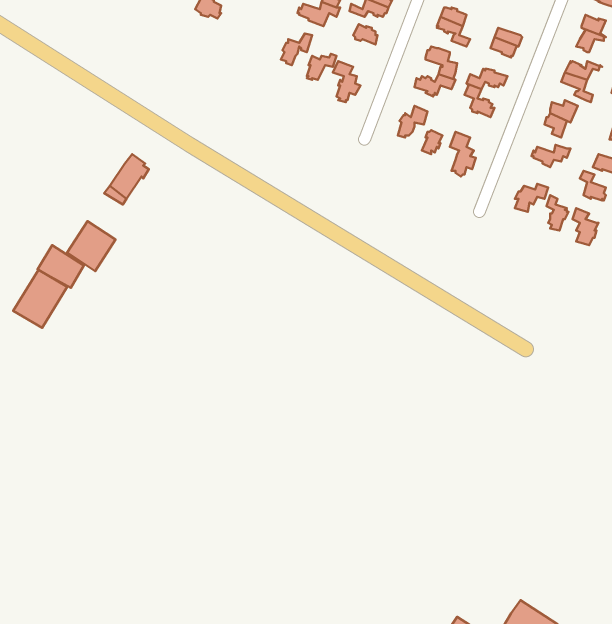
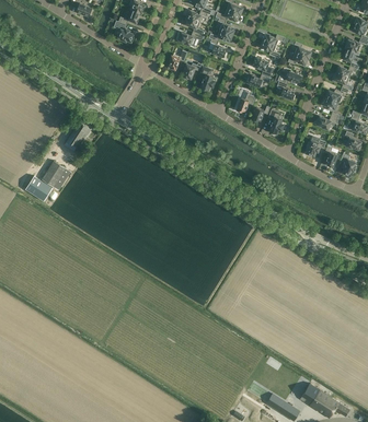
building: [13,270,67,328] -> none

